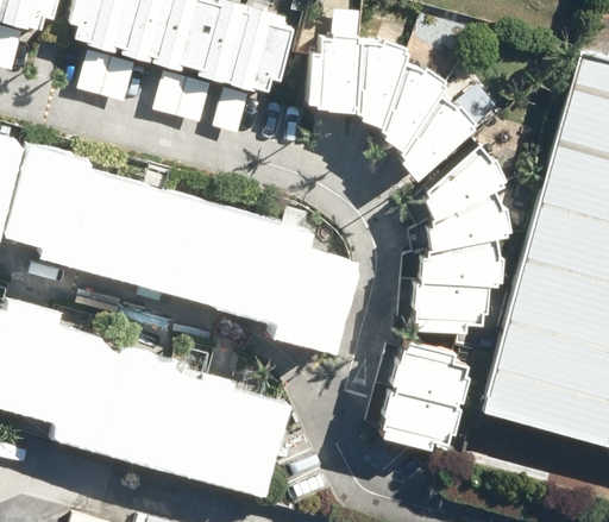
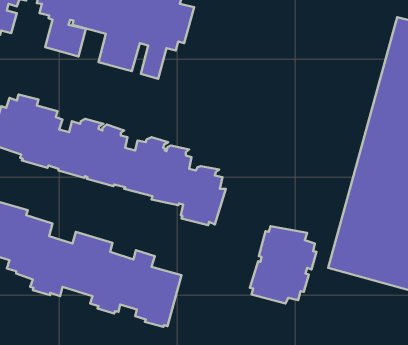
building: [301,33,475,182] -> none
building: [406,144,517,334] -> none

